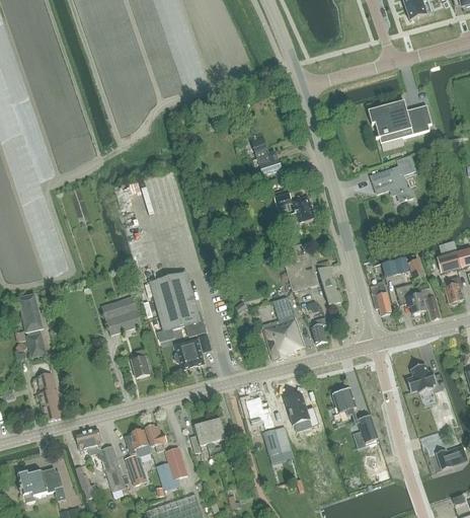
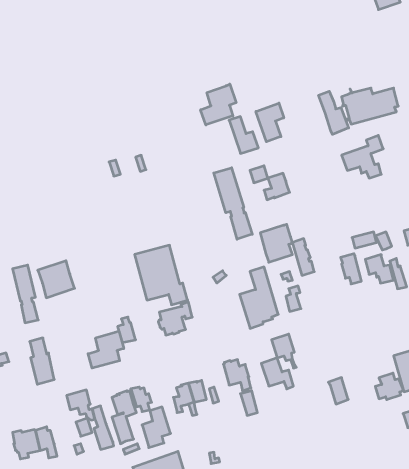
building: none -> [201,84,236,125]
building: none -> [319,91,349,134]
building: none -> [256,103,284,142]
building: none -> [214,168,252,239]
building: [101,296,141,336] -> [38,261,75,298]
building: [406,364,437,392] -> [375,373,404,400]
building: none -> [88,331,124,368]
building: [332,387,359,424] -> [272,334,296,368]

